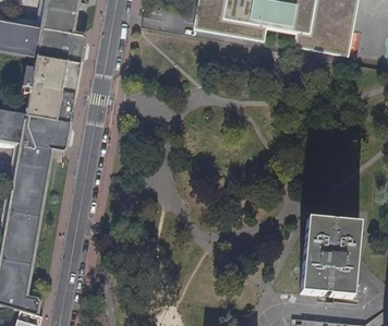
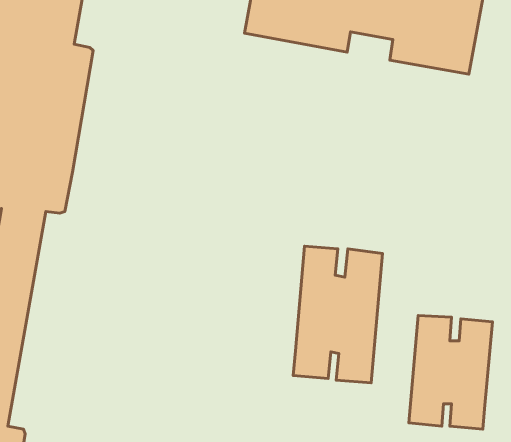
building: none -> [293,246,383,383]

